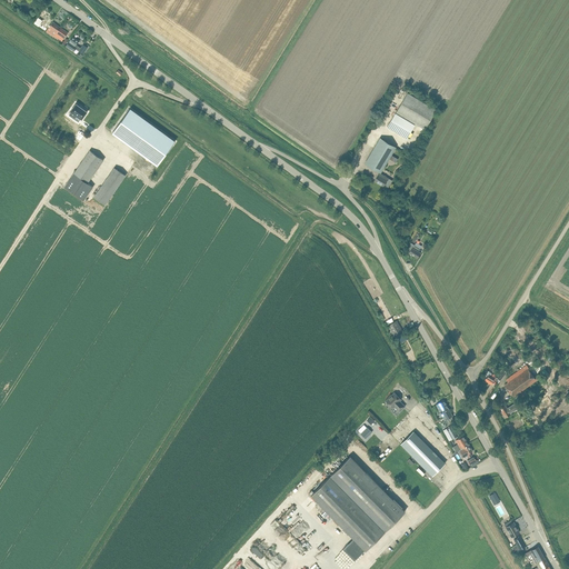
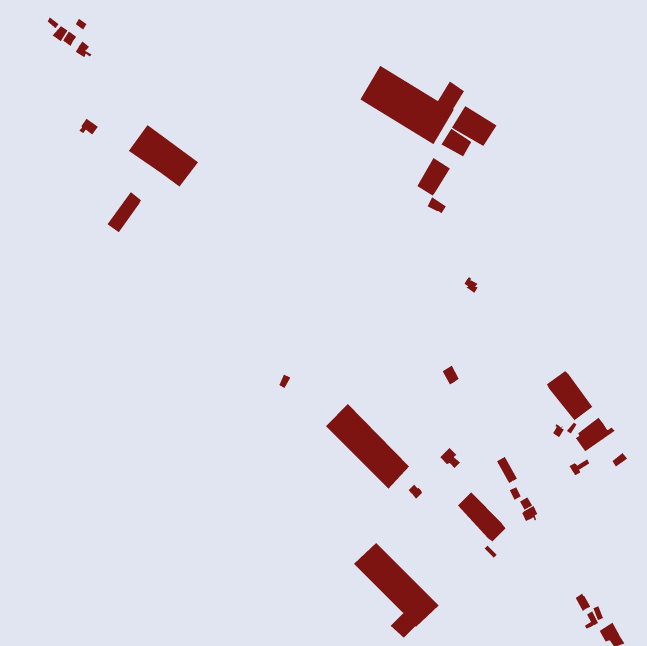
building: none -> [360,65,465,145]
building: [64,151,103,201] -> none
building: none -> [546,370,593,421]
building: [330,457,405,532] -> [325,403,410,489]

